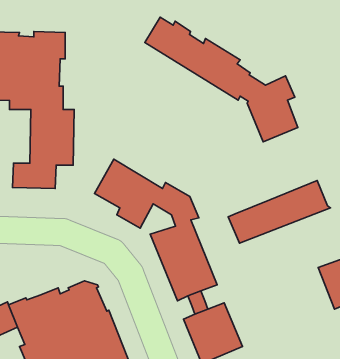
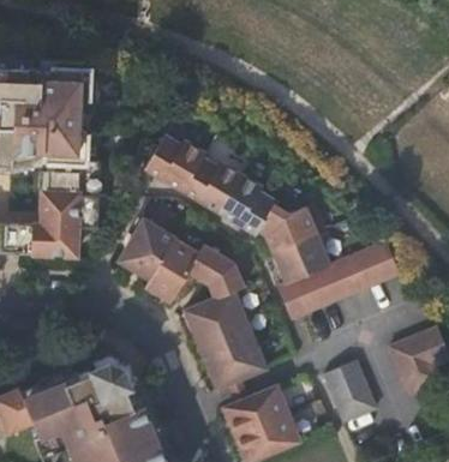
building: [145,17,298,142] -> [148,136,329,283]
building: none -> [322,361,371,421]

